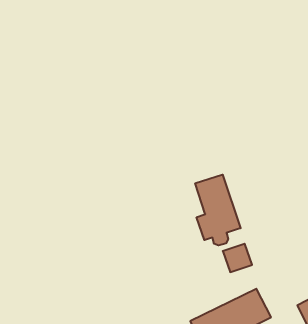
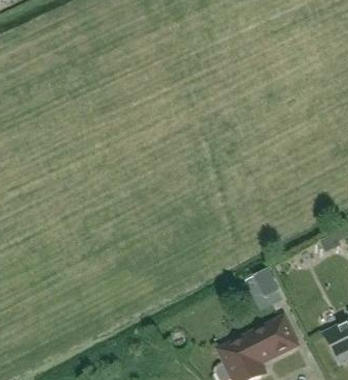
building: [195,175,241,245] -> none

